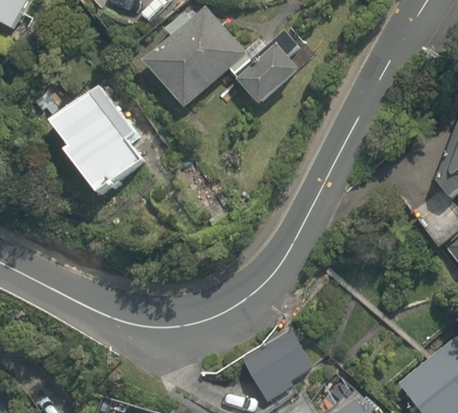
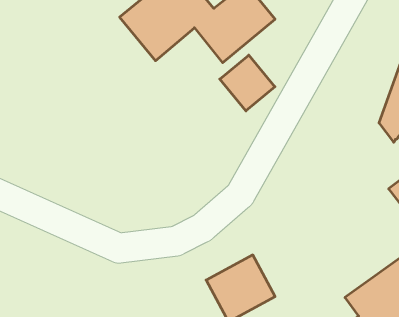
building: [44,85,147,196] -> none
building: none -> [220,55,275,111]

